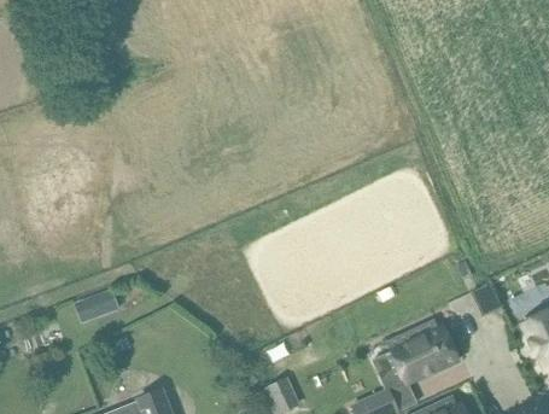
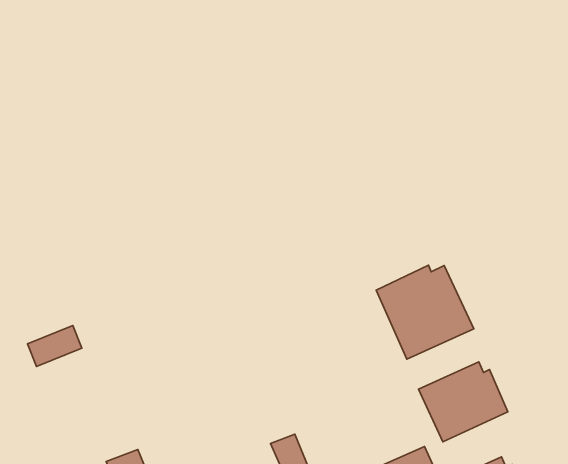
building: none -> [376,265,474,359]

